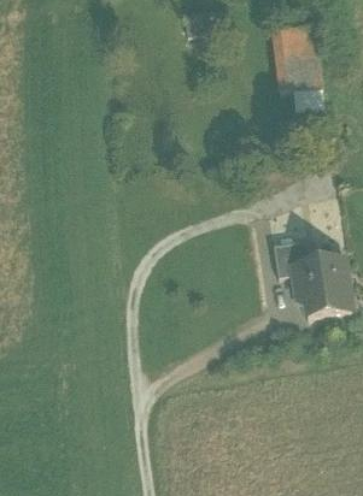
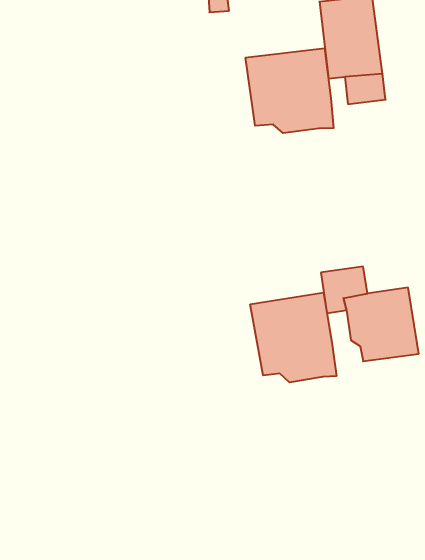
building: none -> [246,48,334,133]
building: none -> [250,293,336,382]

